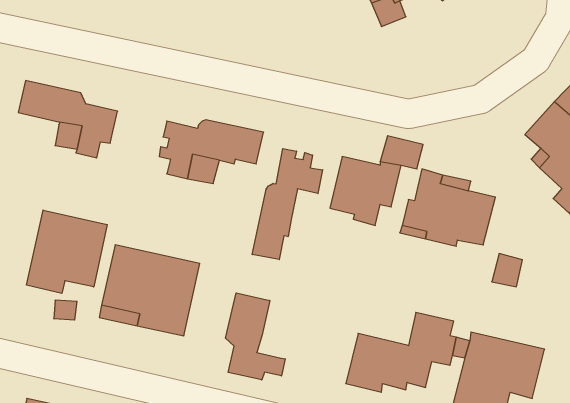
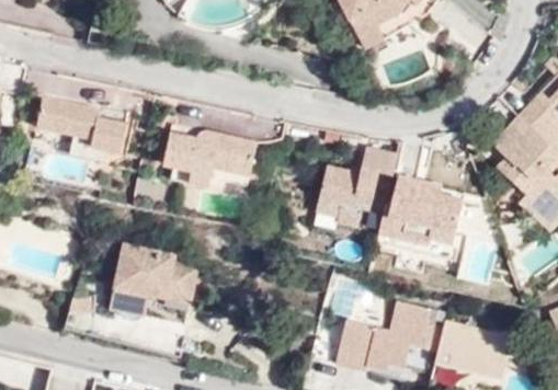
building: [252,149,323,260] -> none
building: [27,210,107,293] -> none
building: [226,293,285,380] -> none

